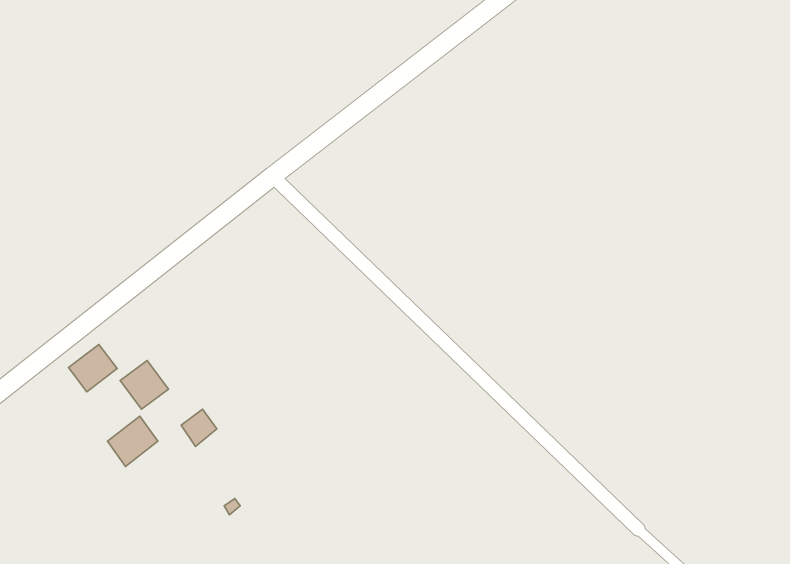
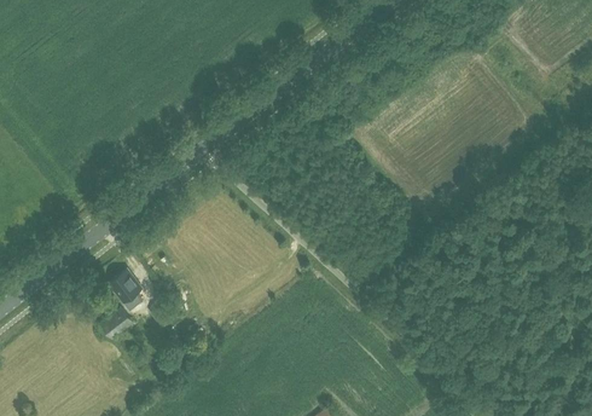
building: [69,344,117,392] -> none

